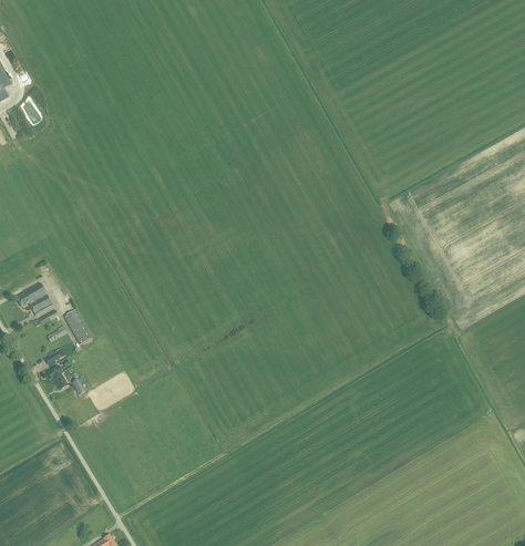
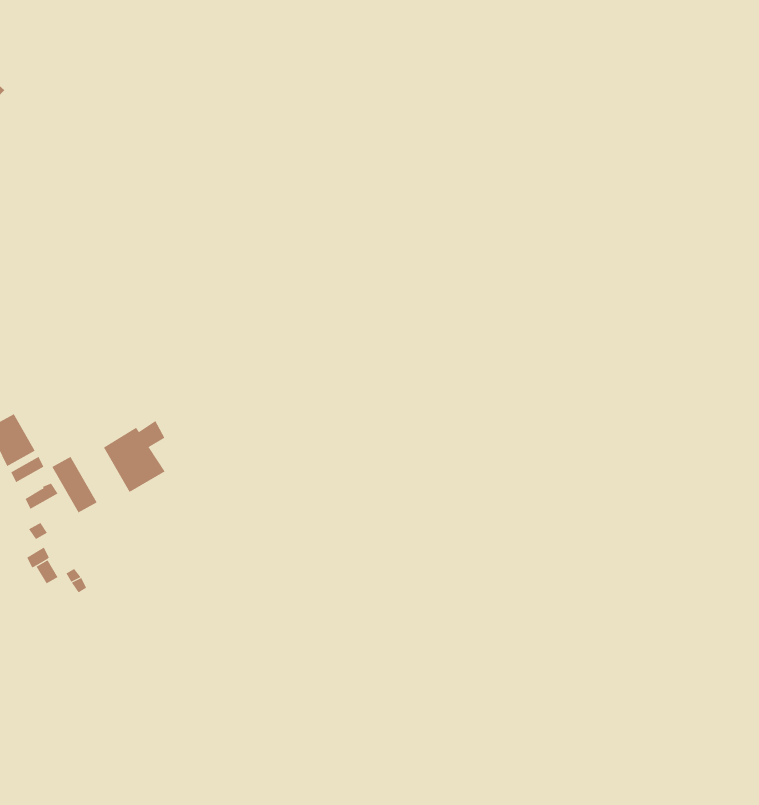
building: none -> [103,420,165,493]

